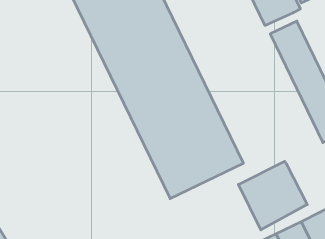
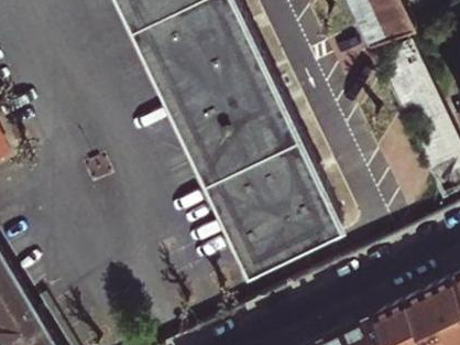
building: [238,161,307,230] -> none

